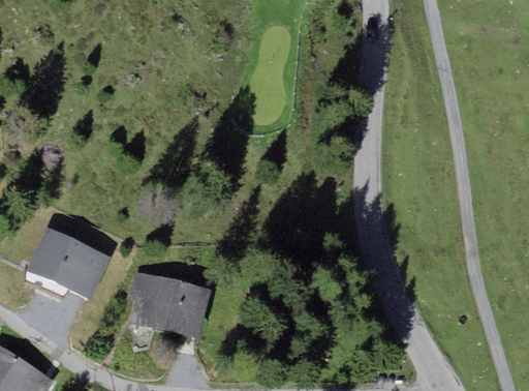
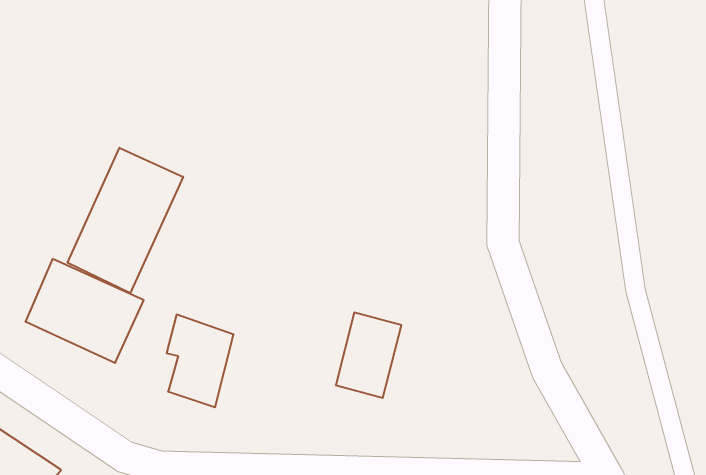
building: none -> [68,148,183,293]
building: [162,281,210,343] -> [336,312,401,398]

